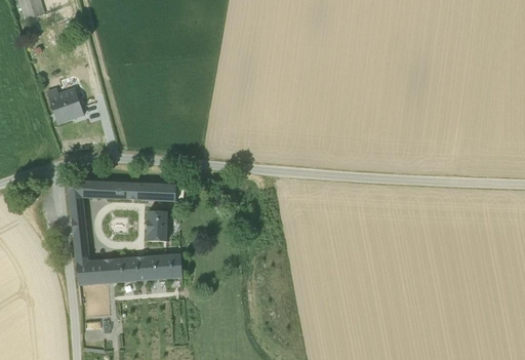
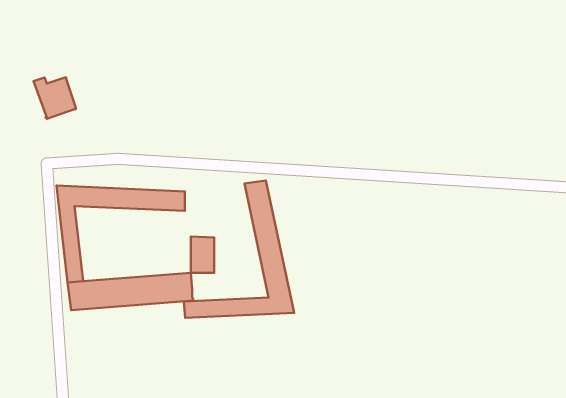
building: none -> [184,180,294,318]
building: [148,210,167,241] -> [191,236,214,273]

